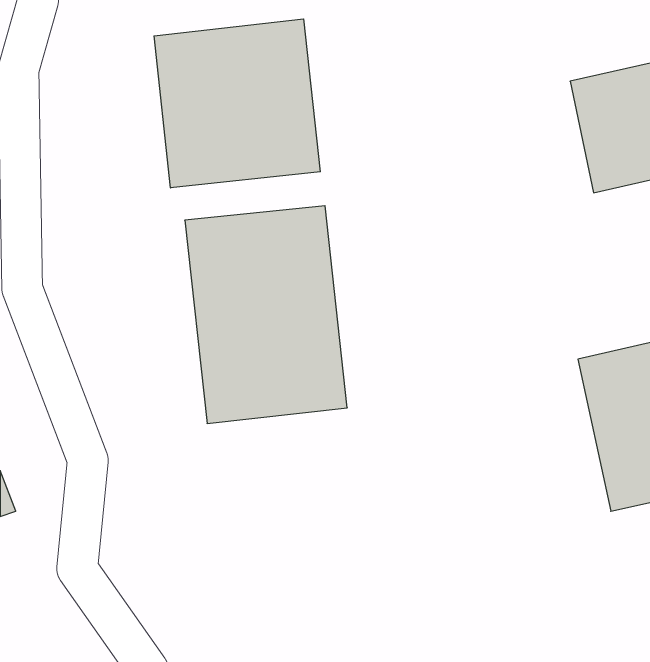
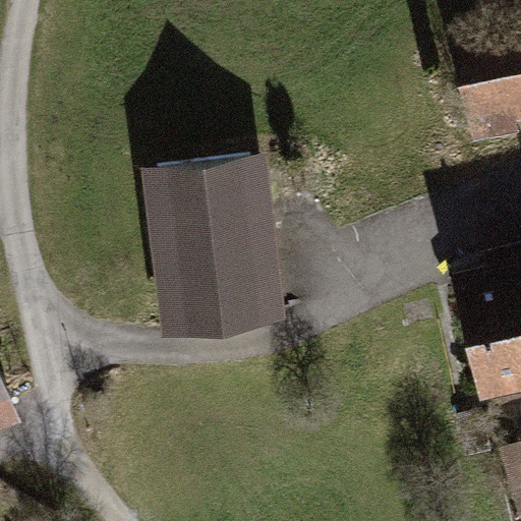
building: [154,19,320,188] -> none

